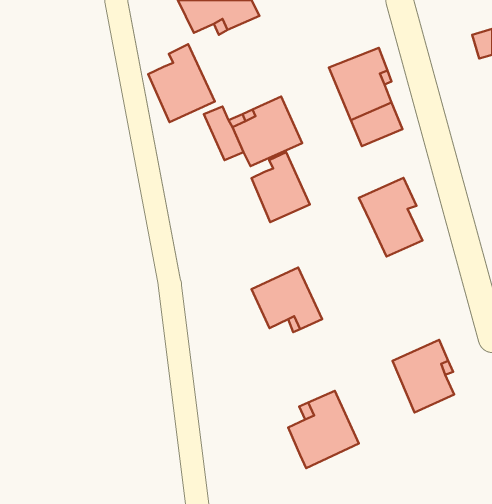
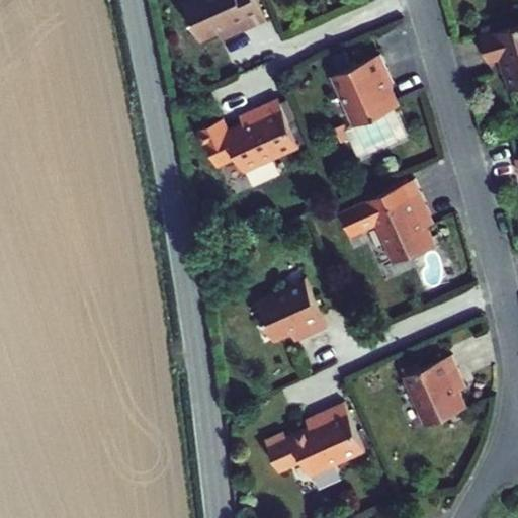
building: [148,44,215,122] -> none
building: [251,152,310,222] -> none
building: none -> [337,205,376,242]
building: none -> [267,437,306,478]

